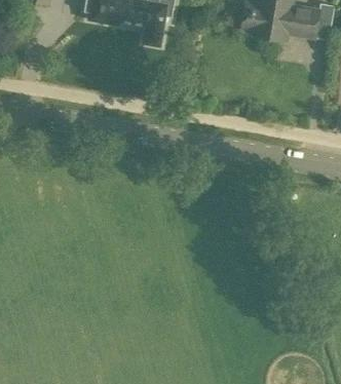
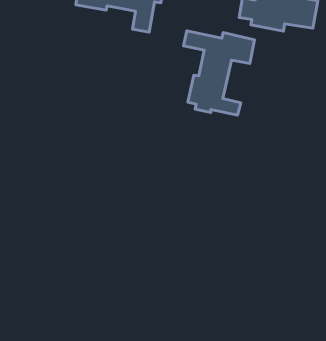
building: none -> [184,31,255,115]

